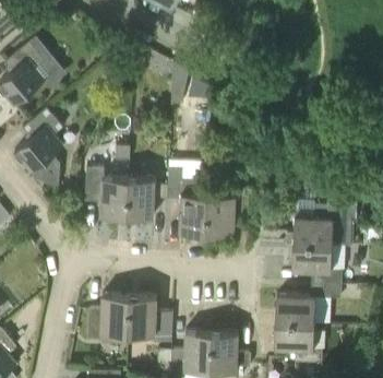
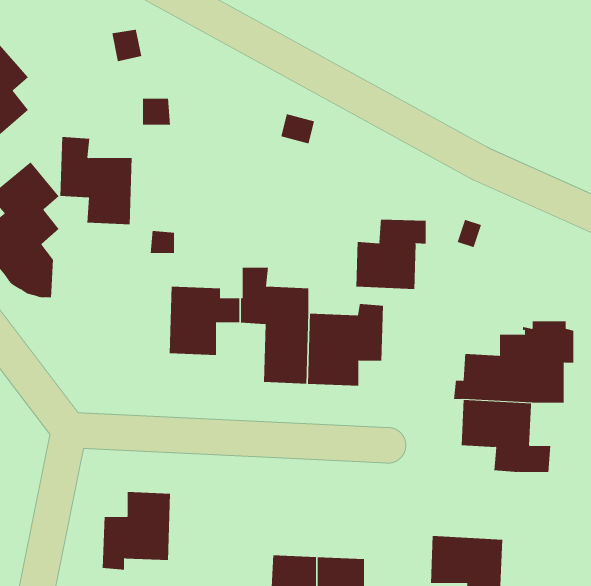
building: none -> [356,219,426,290]
building: [85,167,127,217] -> [60,137,132,225]
building: [275,284,342,323] -> none
building: [125,297,172,342] -> none

